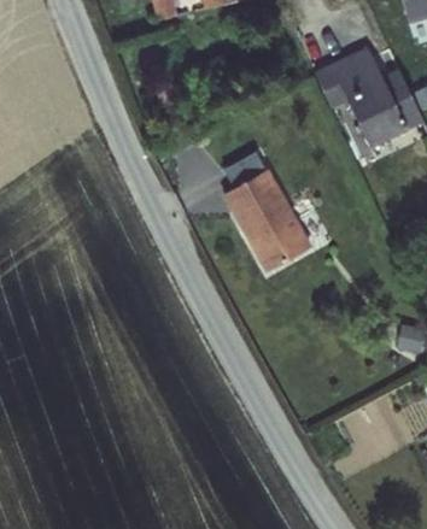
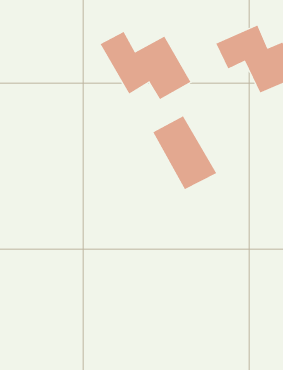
building: none -> [100,31,191,100]

